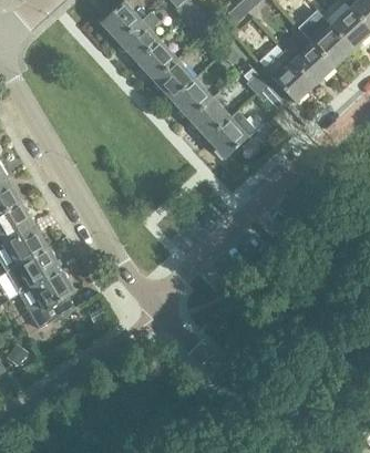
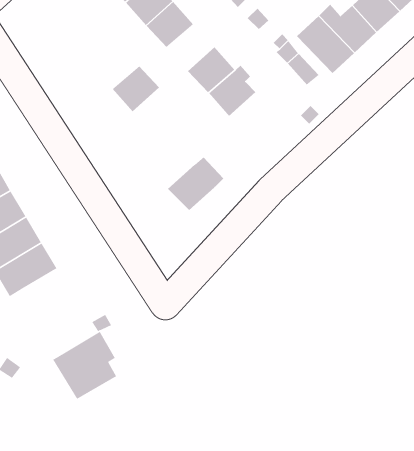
building: [153,60,194,100] -> [112,66,160,112]
building: [206,111,255,157] -> [167,156,224,211]
building: [19,268,74,327] -> [52,331,117,400]

